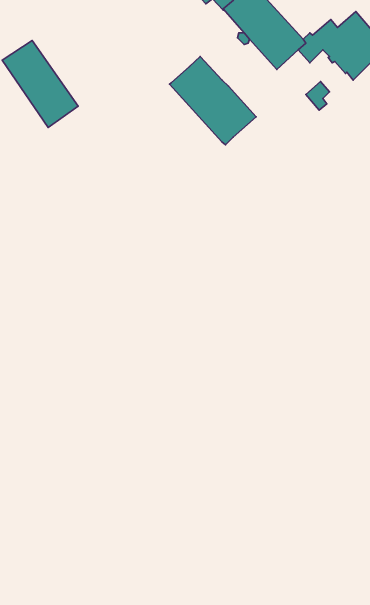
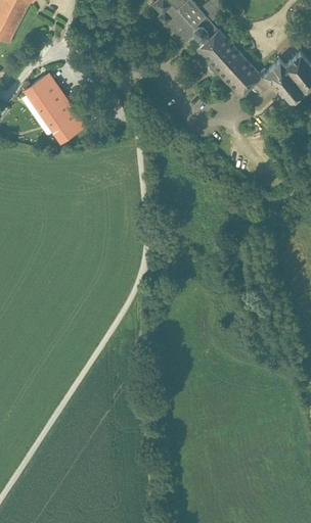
building: [170,56,256,145] -> none

